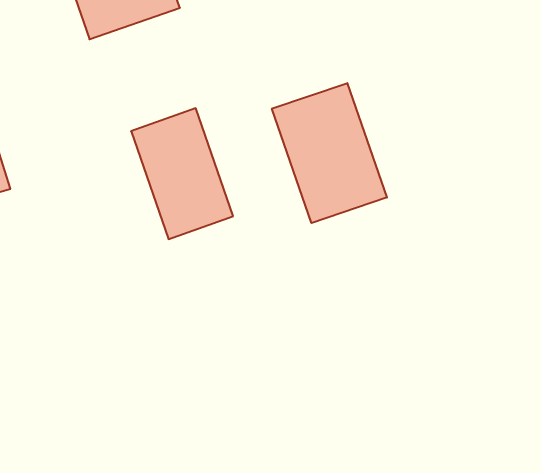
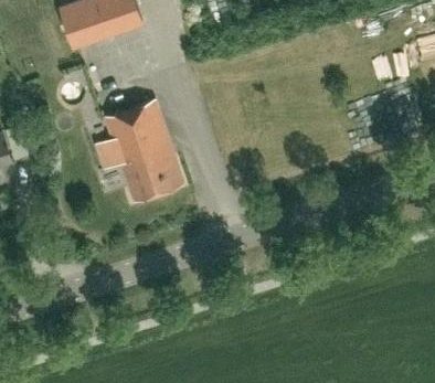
building: [272,83,387,223] -> none

